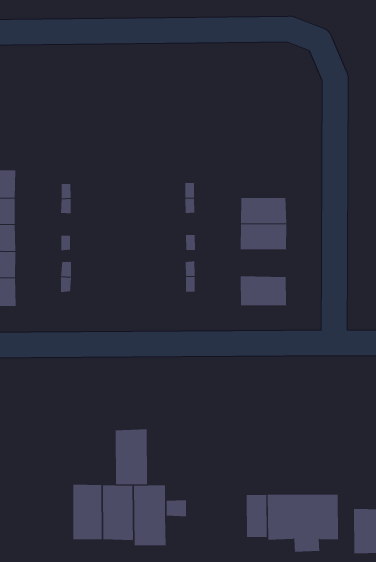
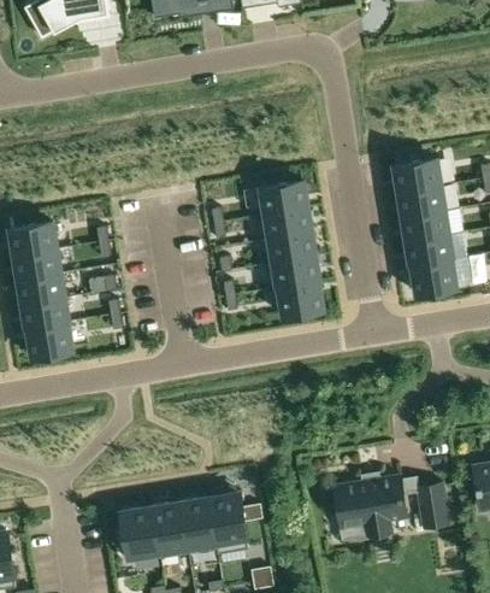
building: none -> [260,181,307,215]
building: none -> [272,256,319,287]
building: [115,429,148,485] -> [122,505,160,562]
building: [246,494,267,538] -> none

